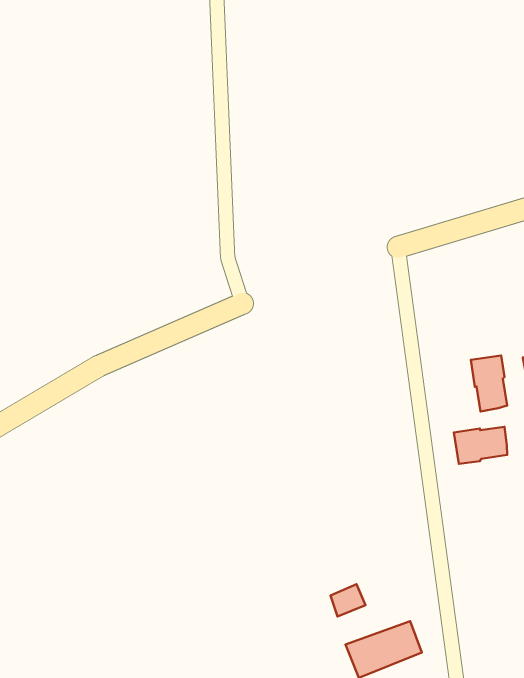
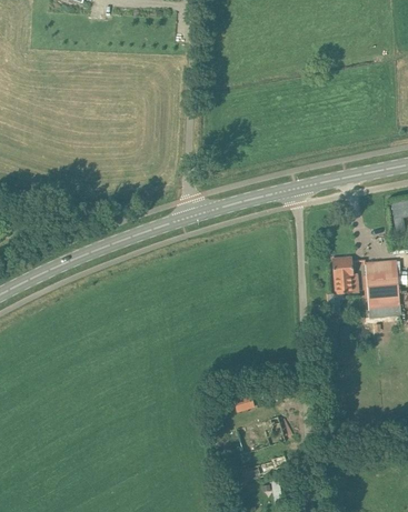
building: [454,427,507,464] -> none

